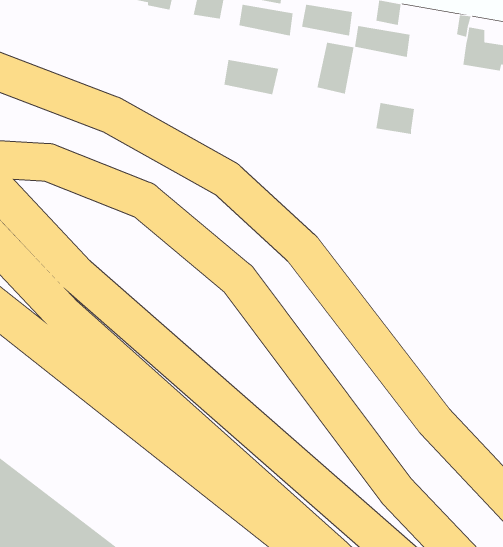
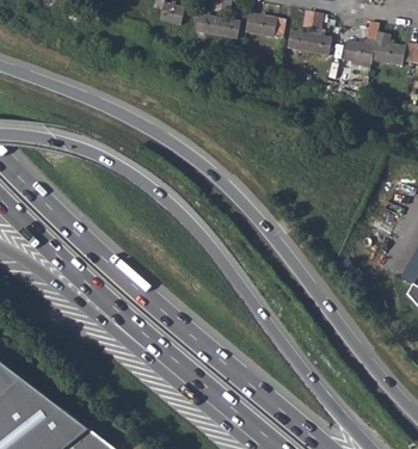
building: [317,42,354,95] -> none
building: [224,59,279,95] -> none
building: [375,103,415,135] -> [342,38,373,63]

